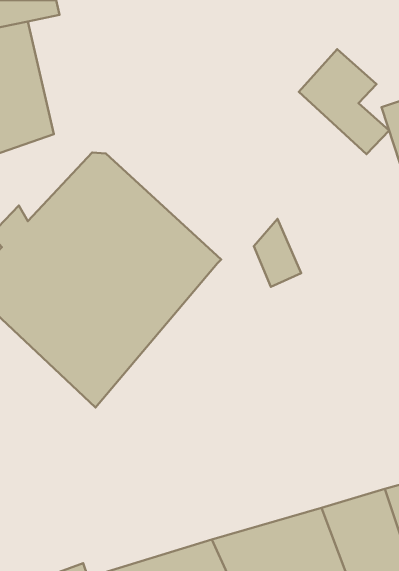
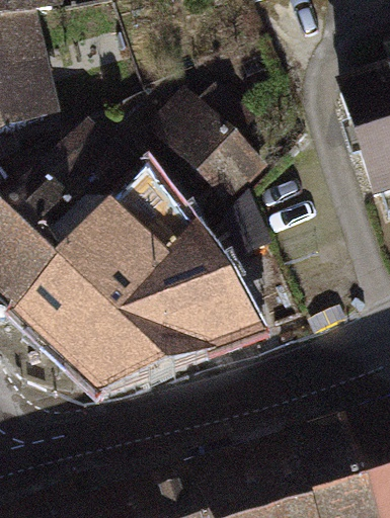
building: [299,49,389,154] -> [169,111,250,205]
building: none -> [88,241,258,393]

